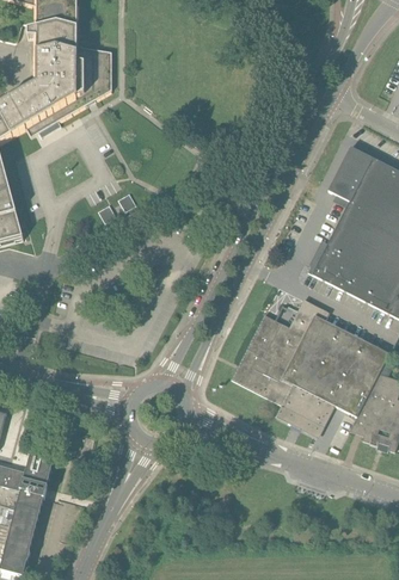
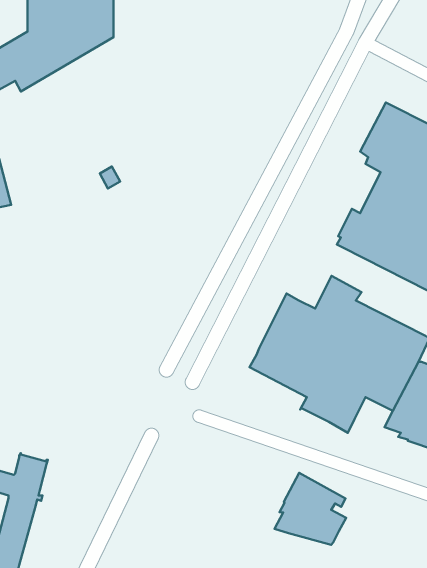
building: none -> [275,473,346,545]

